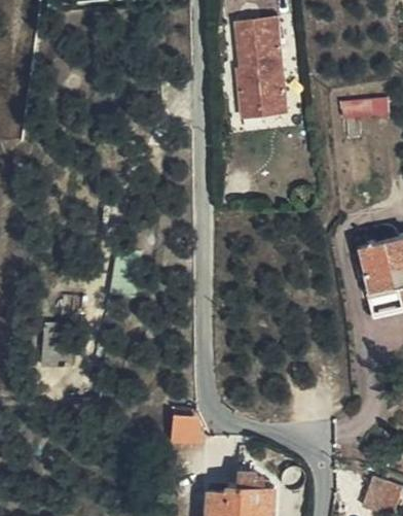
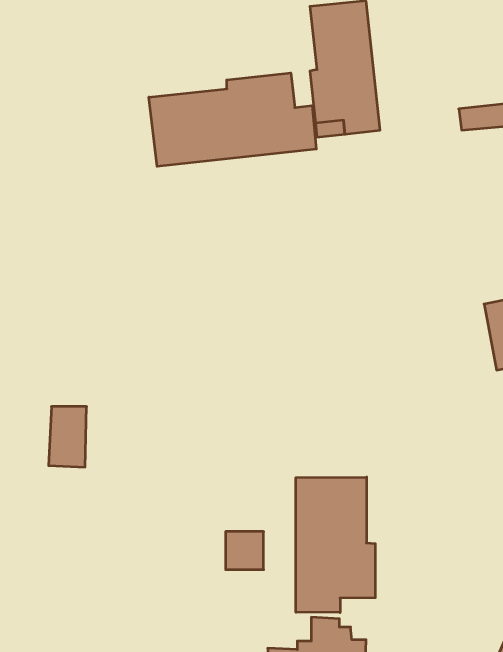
building: none -> [149,73,316,166]
building: none -> [296,477,375,613]

